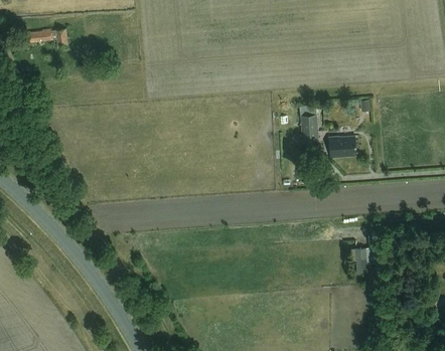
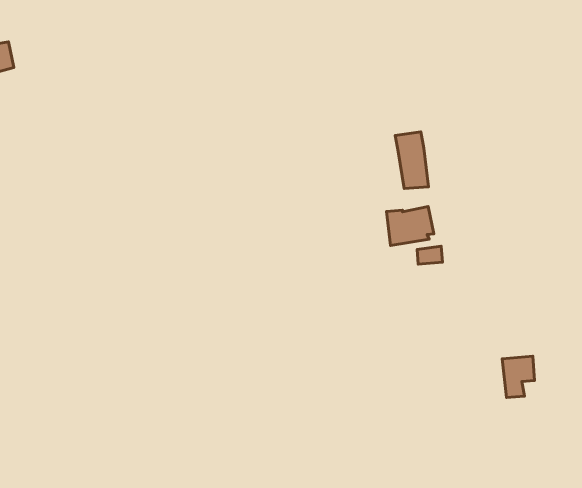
building: [328,136,356,158] -> [386,207,434,245]

